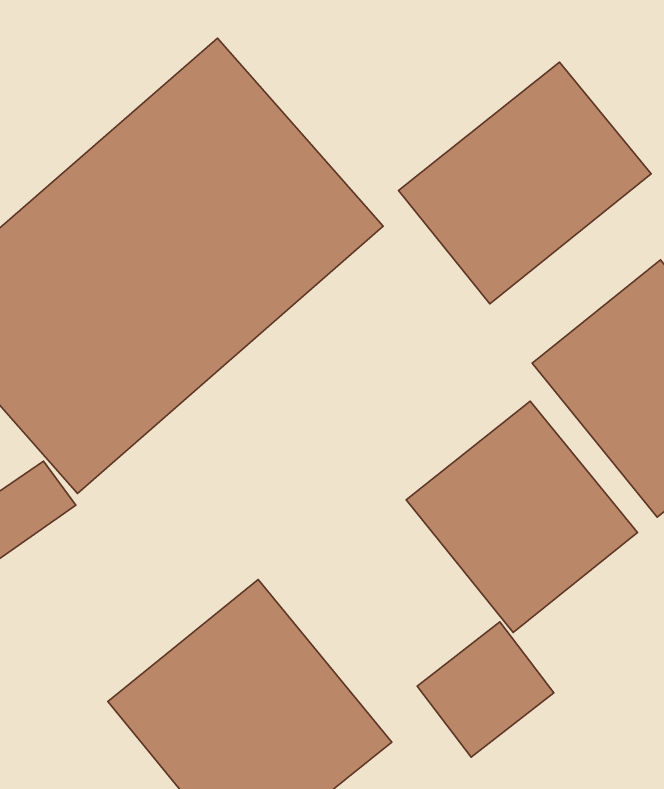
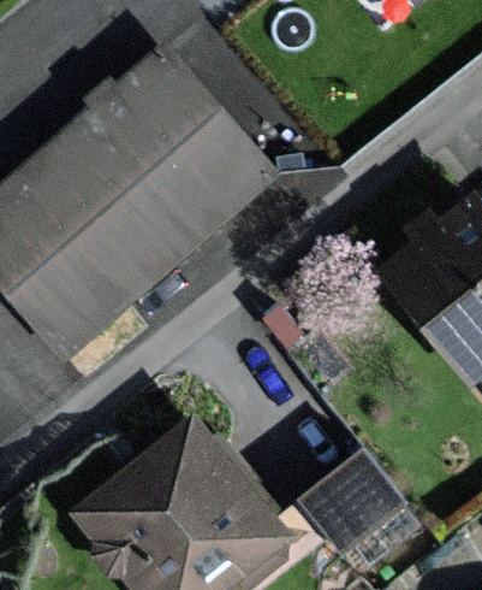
building: [399,62,651,304] -> none
building: [406,401,637,633] -> none

